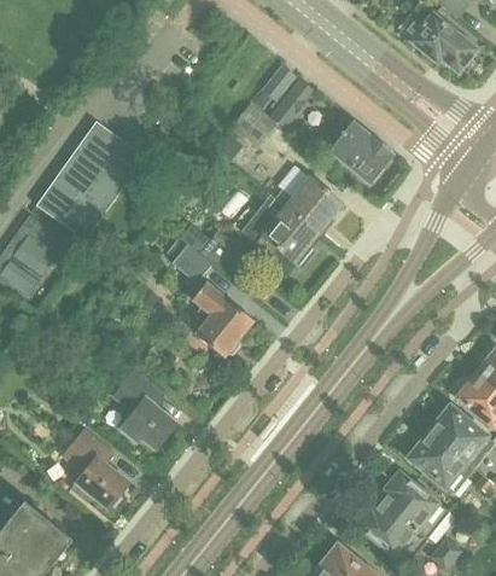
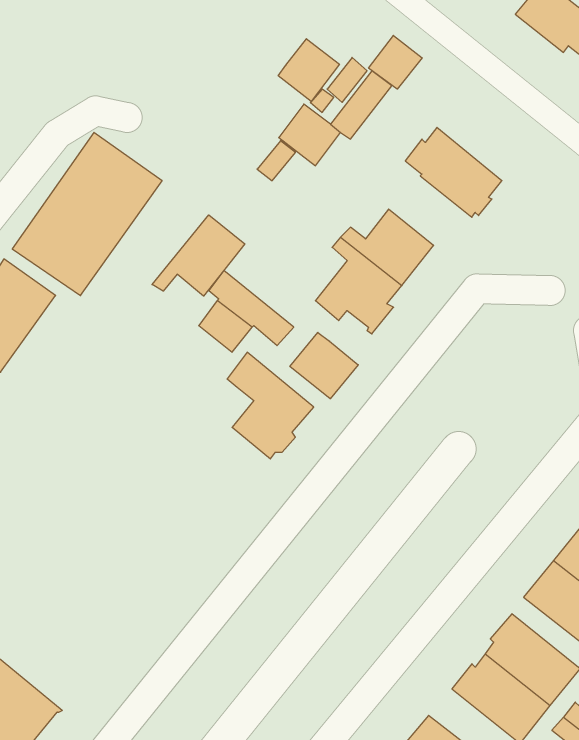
building: none -> [369,35,422,89]
building: none -> [278,39,339,102]
building: none -> [152,215,245,296]
building: none -> [290,332,358,399]
building: [110,366,176,447] -> none
building: [64,430,128,508] -> none

